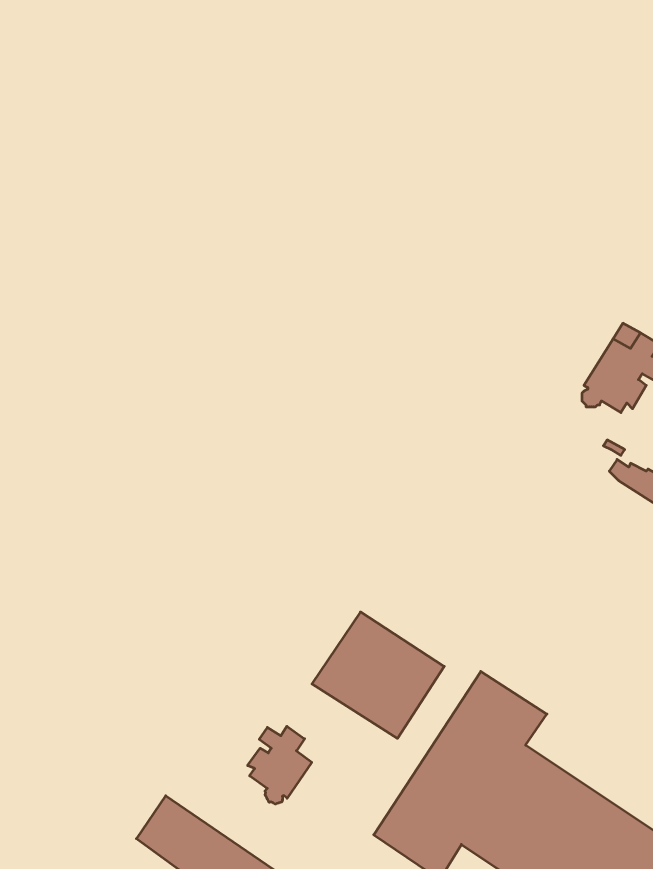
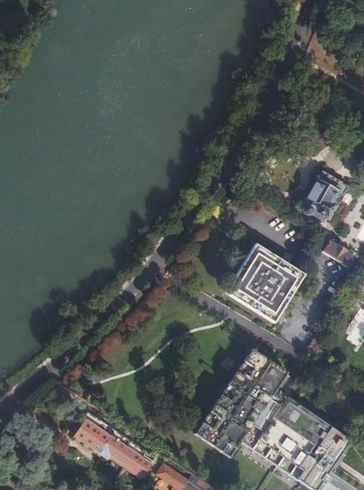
building: [312,612,444,738] -> [229,249,297,314]
building: [248,726,312,804] -> none

